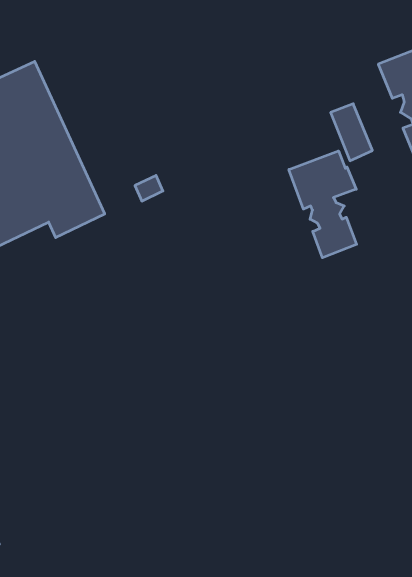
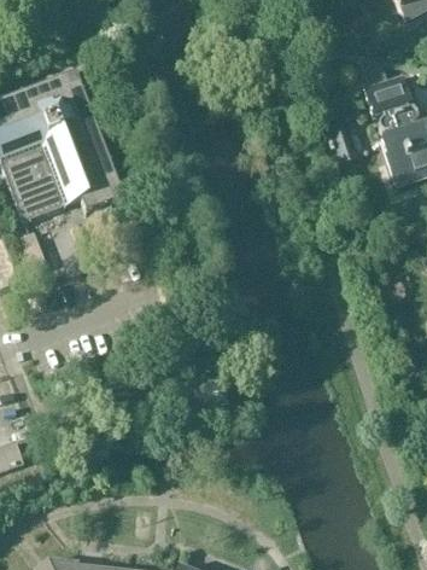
building: [289,151,357,258] -> none

